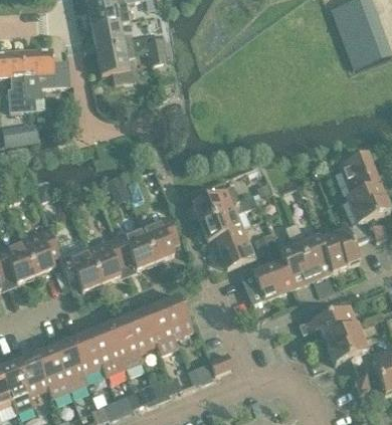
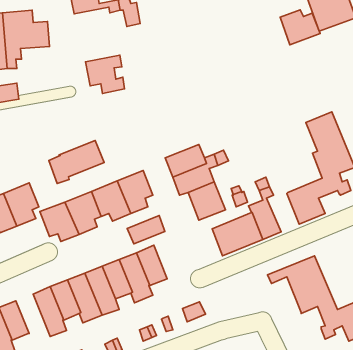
building: [96,45,138,85] -> [85,55,125,94]
building: none -> [280,10,320,45]
building: none -> [49,141,104,183]
building: [299,237,333,280] -> none
building: none -> [127,215,165,244]
building: [35,346,71,397] -> none

